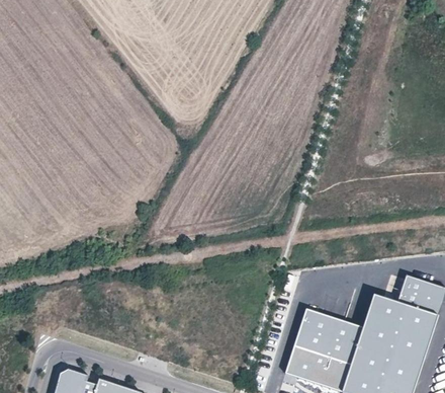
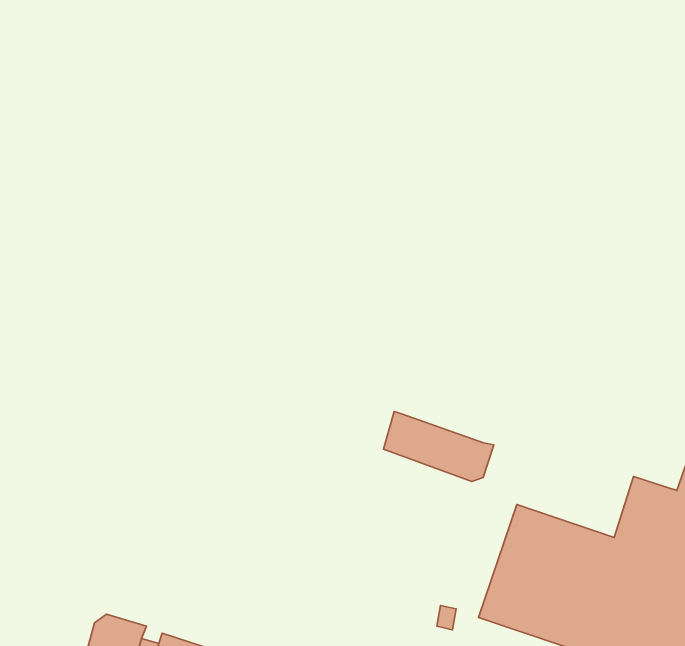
building: none -> [383,412,494,482]

